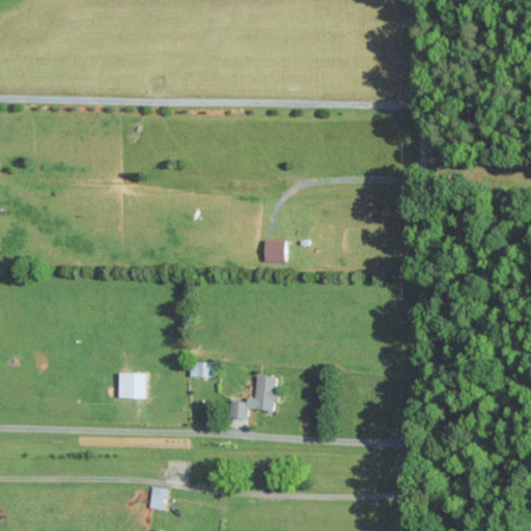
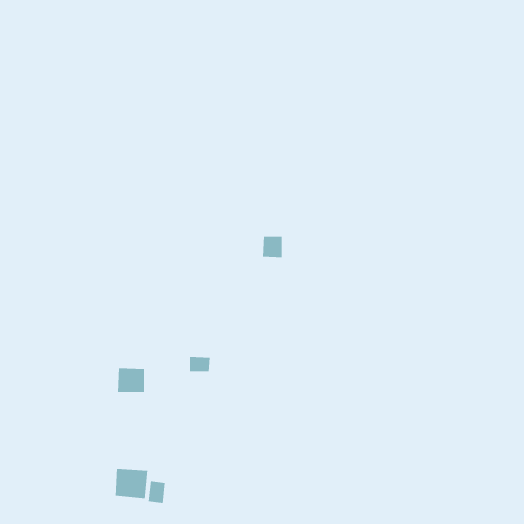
building: [228,374,277,418] -> none
building: none -> [115,468,148,499]

